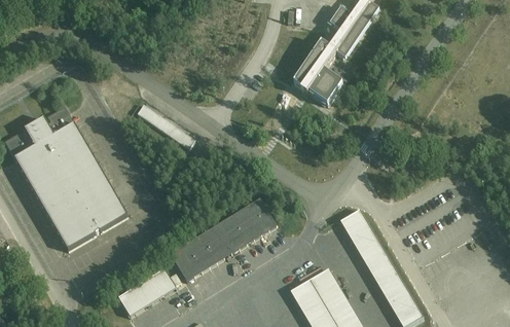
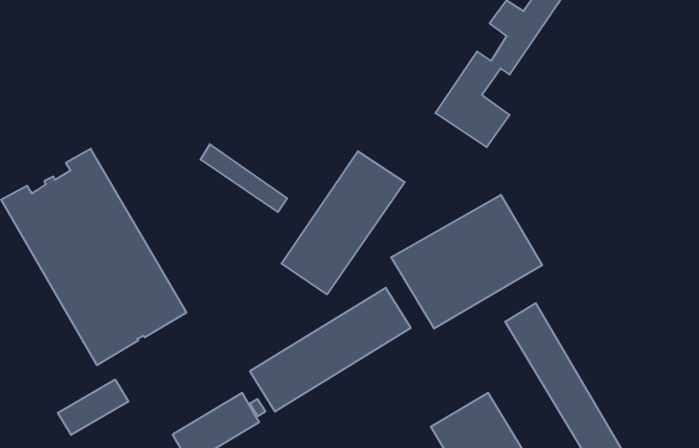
building: none -> [281,151,405,294]
building: none -> [391,195,542,329]
building: none -> [58,380,128,435]

